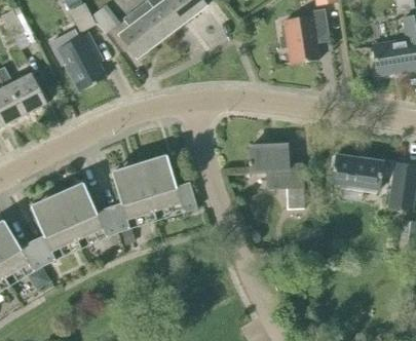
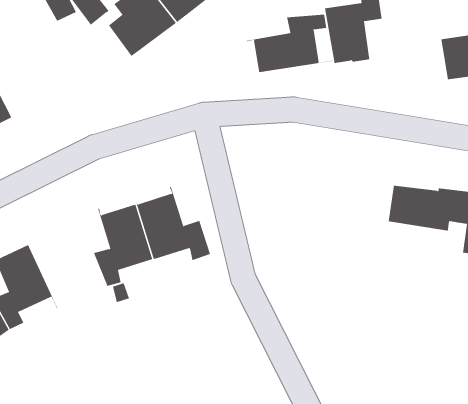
building: none -> [246,14,333,74]
building: [49,29,104,90] -> none
building: [248,144,303,210] -> none
building: [55,183,117,248] -> none

